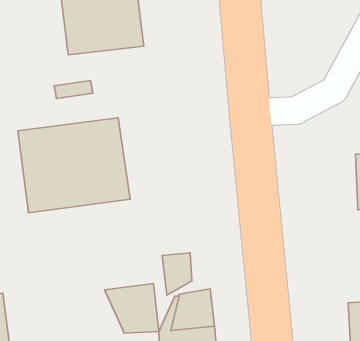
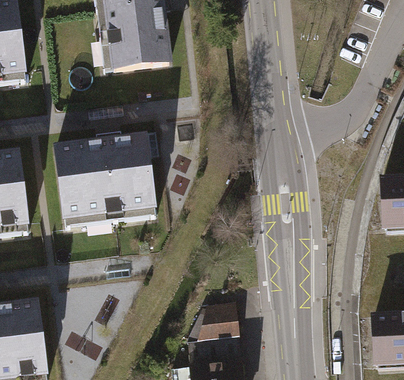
building: [162,253,192,295] -> none
building: [105,283,159,333] -> none

